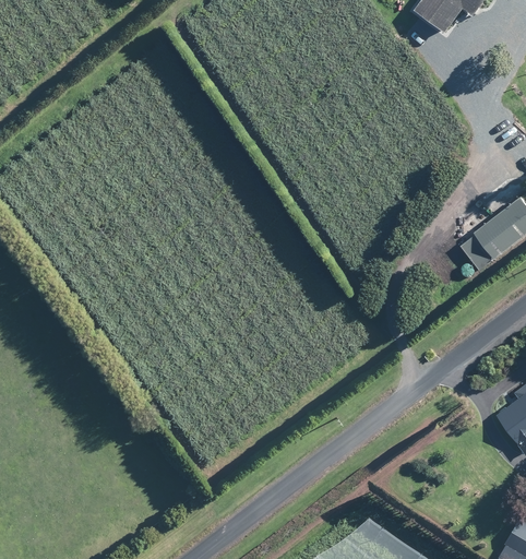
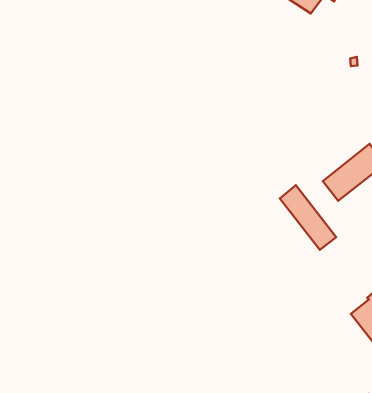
building: none -> [280,185,336,250]

